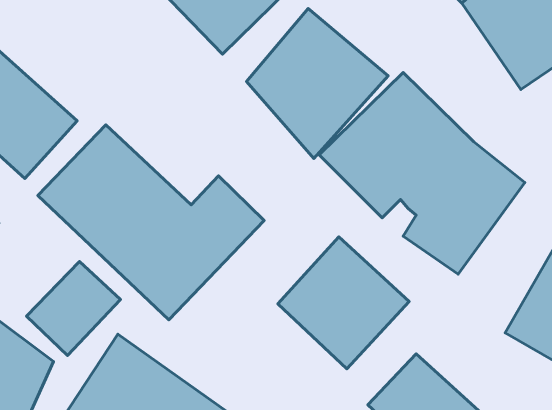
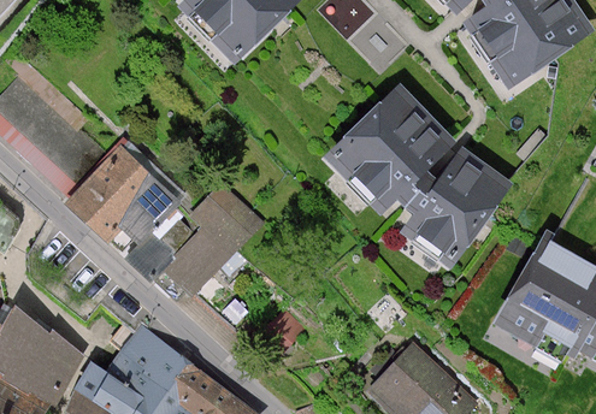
building: [247,8,388,158] -> none
building: [278,237,409,369] -> none
building: [26,261,121,355] -> none

